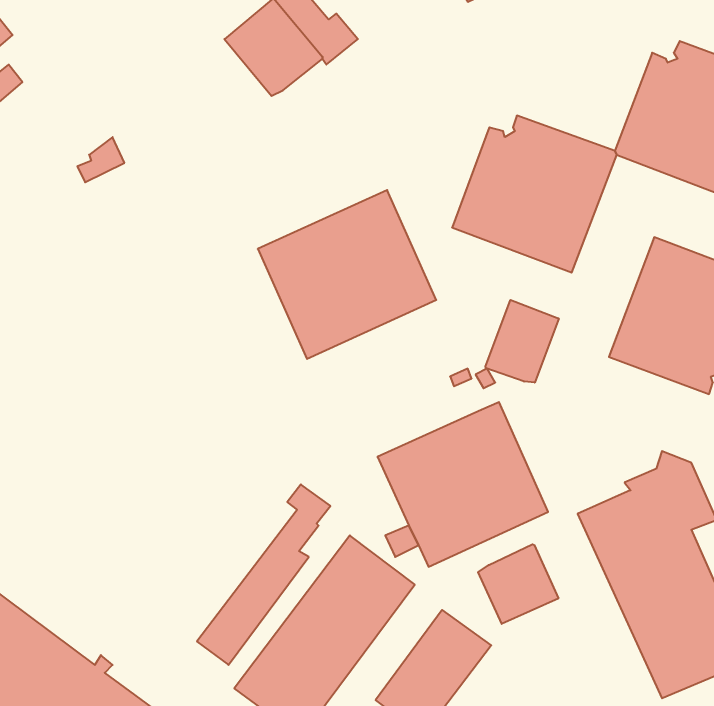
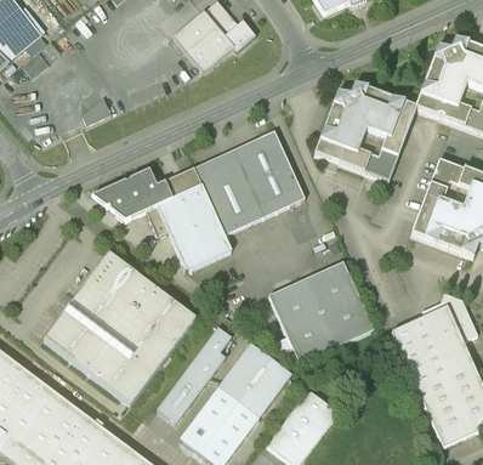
building: none -> [92,166,232,271]
building: [485,300,559,383] -> none
building: none -> [44,253,195,404]
building: [478,544,558,624] -> none

